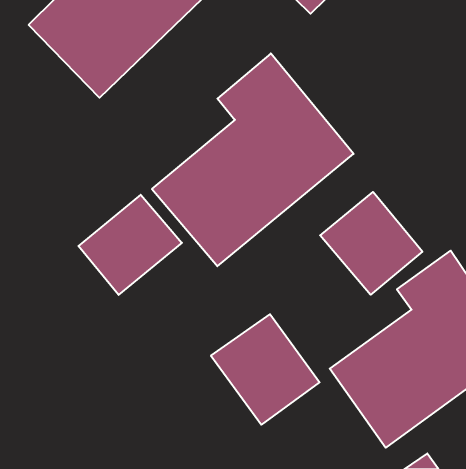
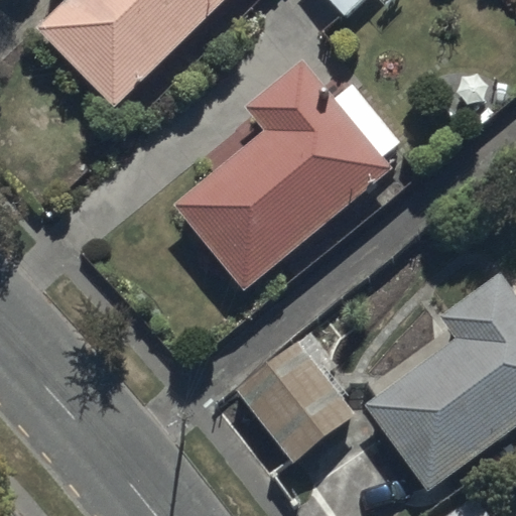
building: [320,192,422,295] -> none
building: [78,195,182,295] -> none

